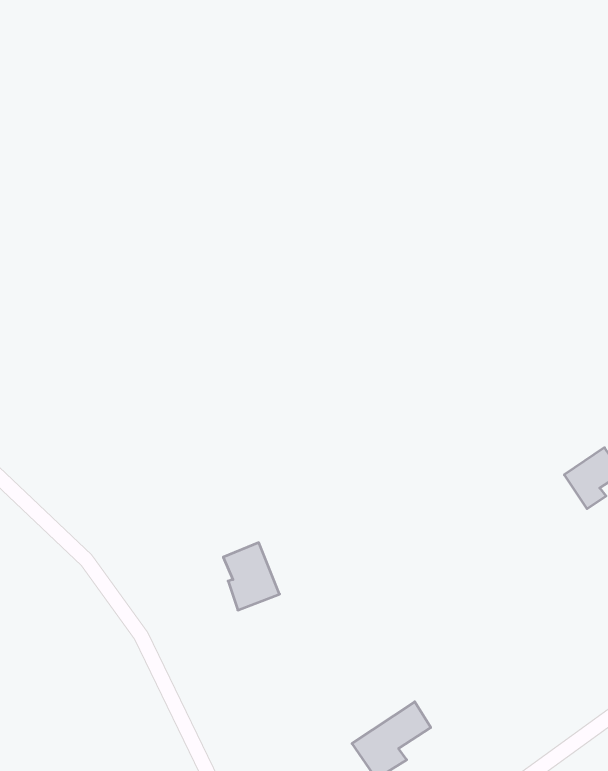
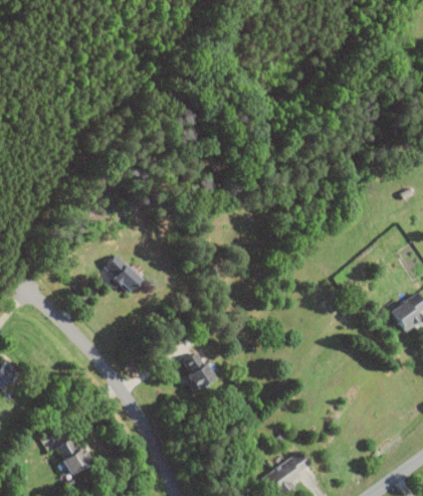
building: none -> [103,254,145,295]
building: none -> [56,439,93,477]

